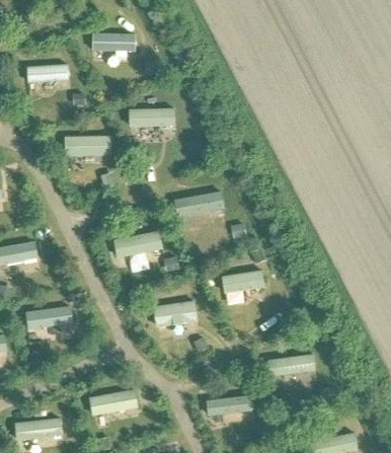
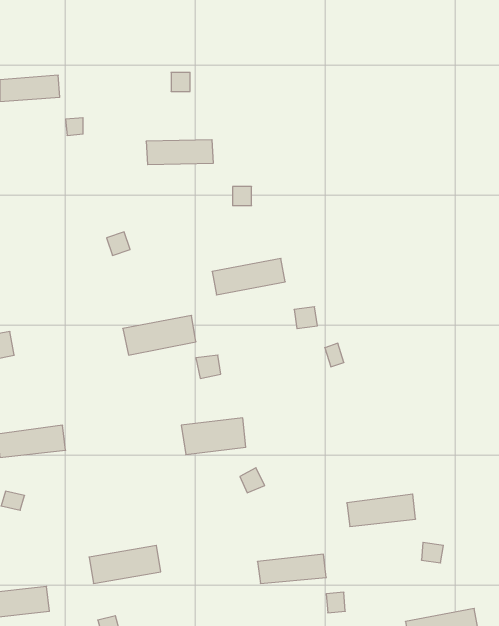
building: [91,32,136,52] -> none
building: [65,136,111,157] -> none
building: [222,271,265,294] -> none

